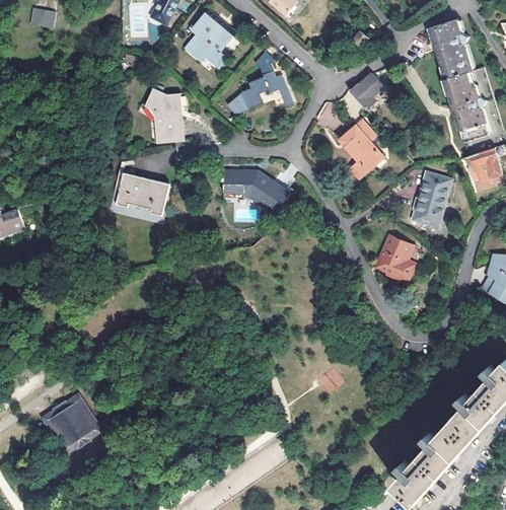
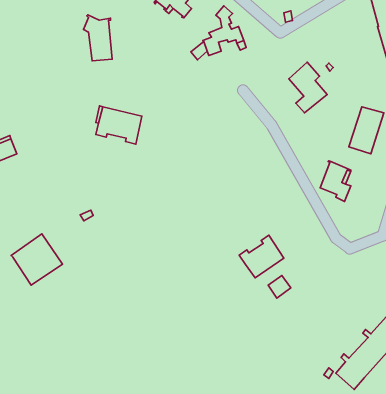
building: [348,72,380,112] -> none
building: [149,88,183,142] -> [83,15,112,61]
building: [221,170,287,213] -> none
building: none -> [239,235,284,278]
building: [41,392,100,452] -> [11,234,63,285]

